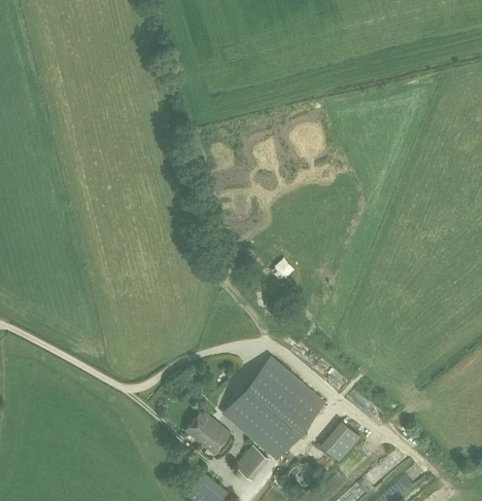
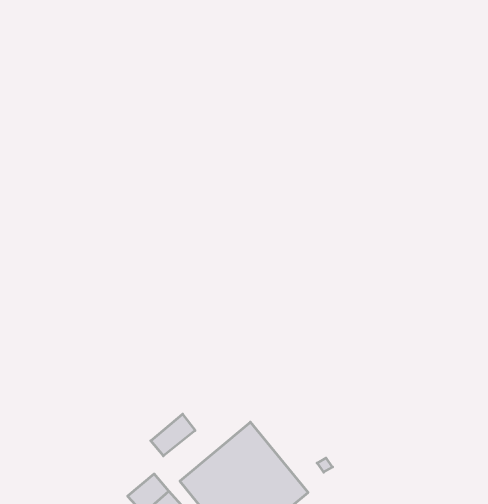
building: none -> [151,414,195,456]

